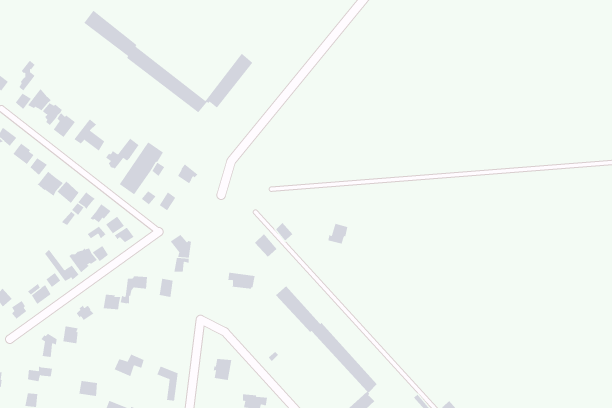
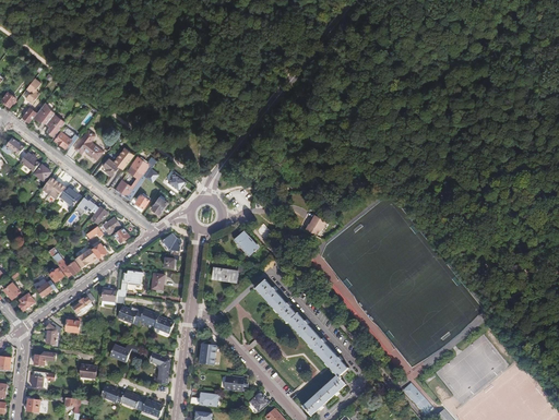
building: [84,10,253,113] -> none
building: none -> [117,307,173,333]

